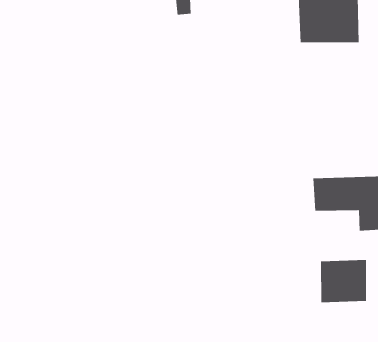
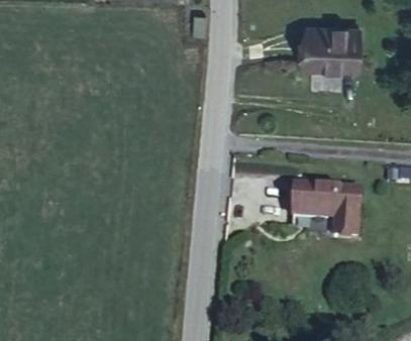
building: [320,259,367,303] -> none

